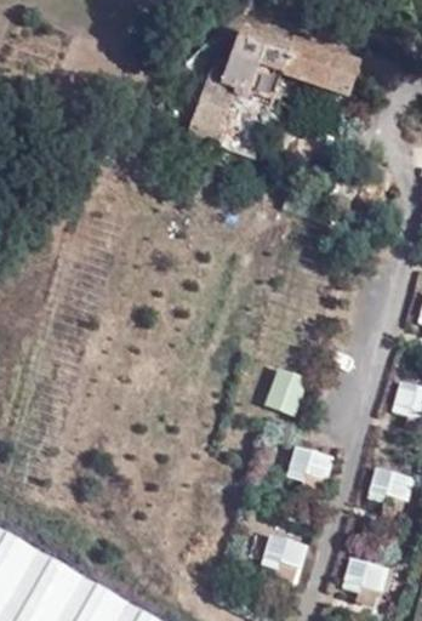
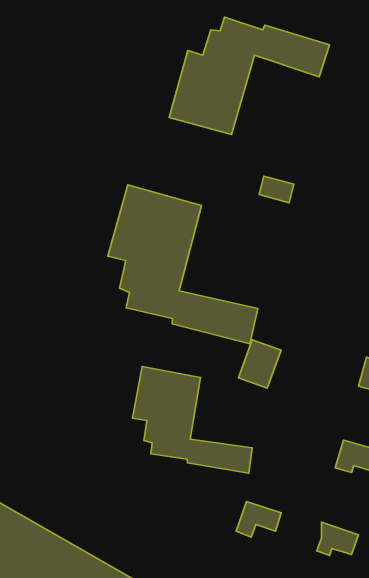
building: none -> [108,185,258,344]
building: none -> [132,367,252,473]
building: [286,444,335,480] -> none

